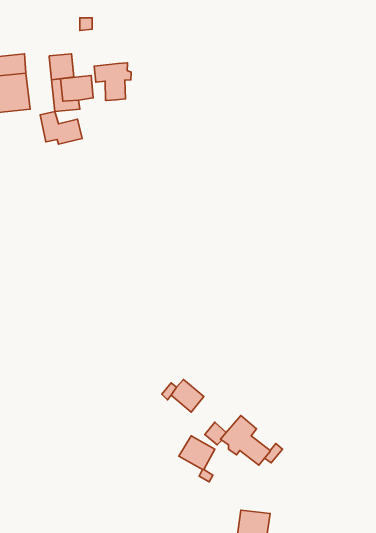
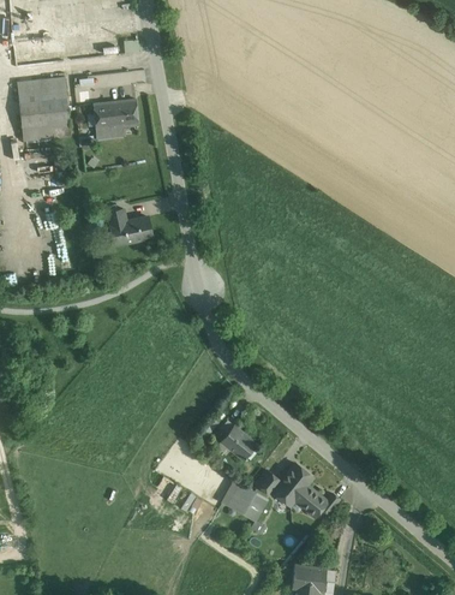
building: [49,54,74,80] -> none
building: [94,63,131,101] -> none
building: [40,111,82,144] -> [107,208,151,243]

